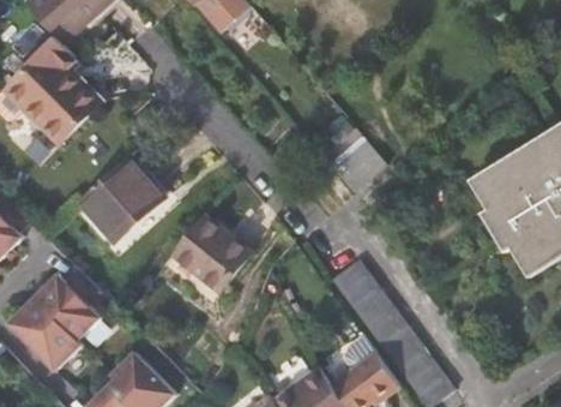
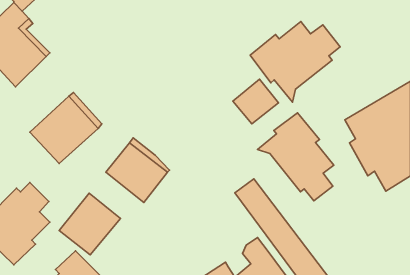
building: none -> [250,22,340,102]
building: none -> [258,113,334,201]
building: none -> [59,193,120,255]

